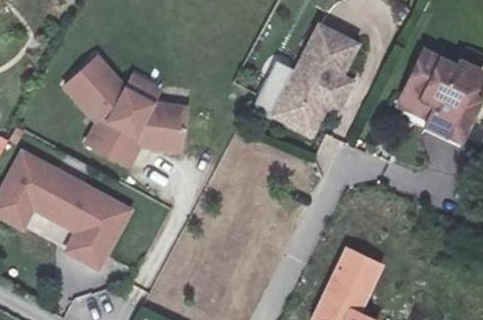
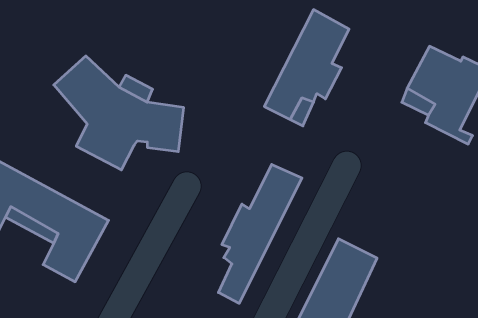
building: none -> [218,164,302,303]

